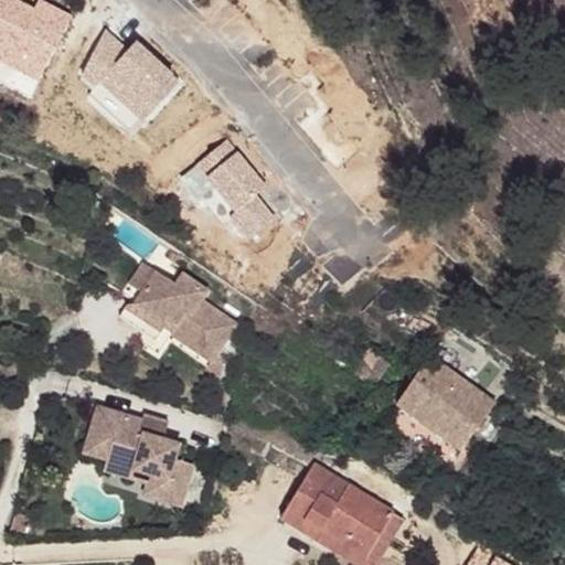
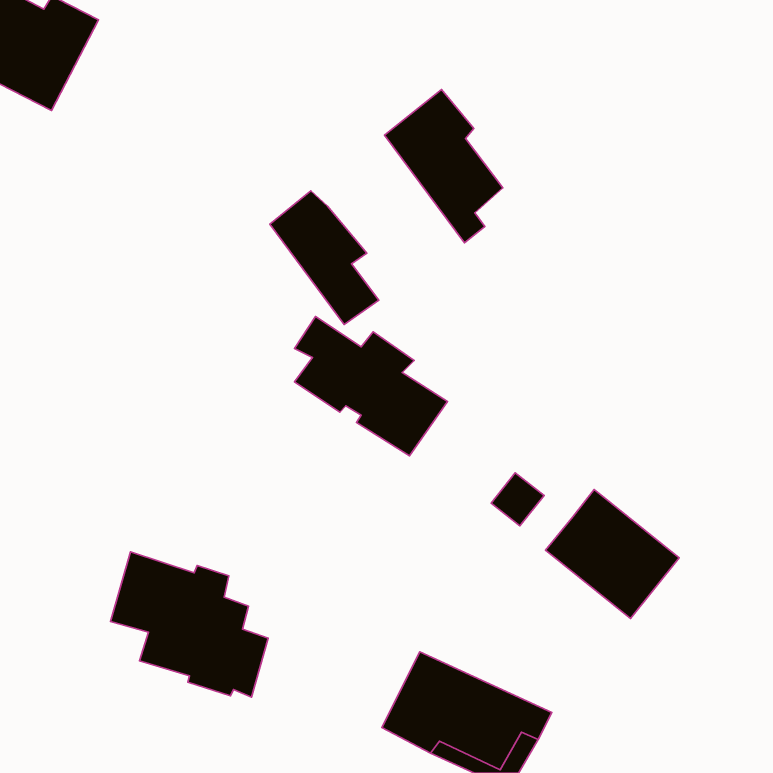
building: [81,28,179,120] -> none
building: none -> [384,90,503,243]
building: [125,259,236,361] -> [294,317,447,456]

